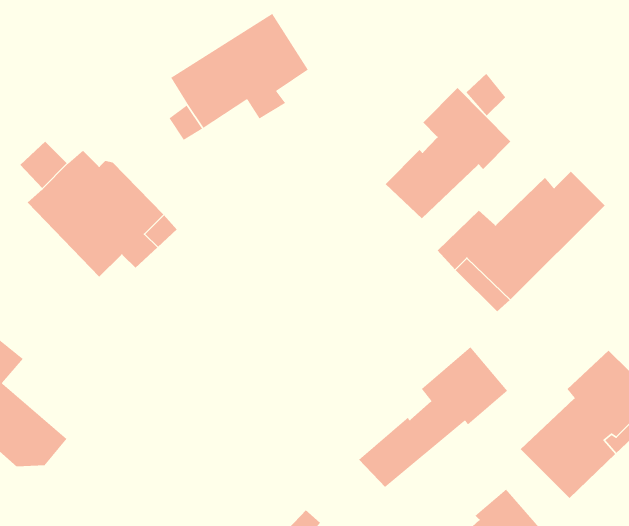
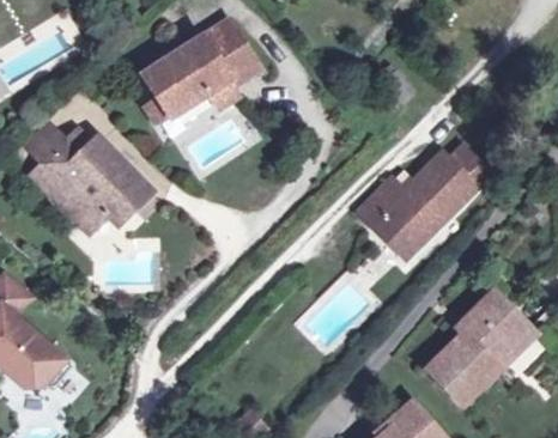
building: [385,87,511,219] -> none
building: [358,346,508,488] -> none

